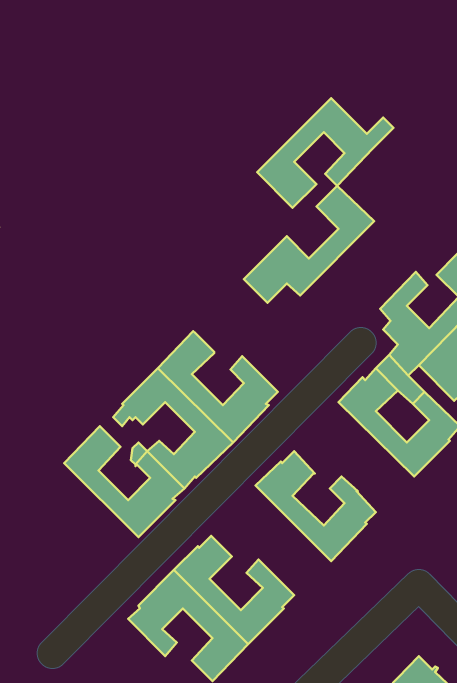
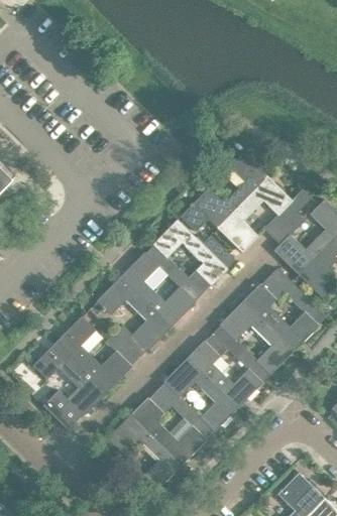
building: [257,98,393,208] -> [218,176,311,251]
building: none -> [146,219,236,292]
building: none -> [214,299,296,375]
building: none -> [33,341,108,422]
building: none -> [157,356,239,431]

